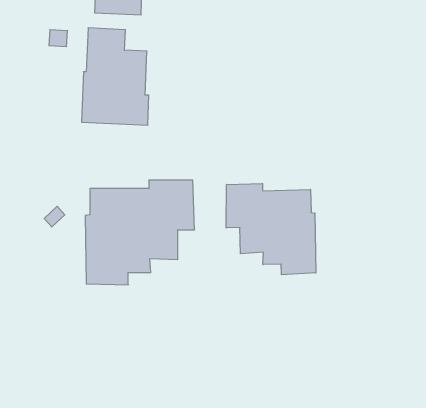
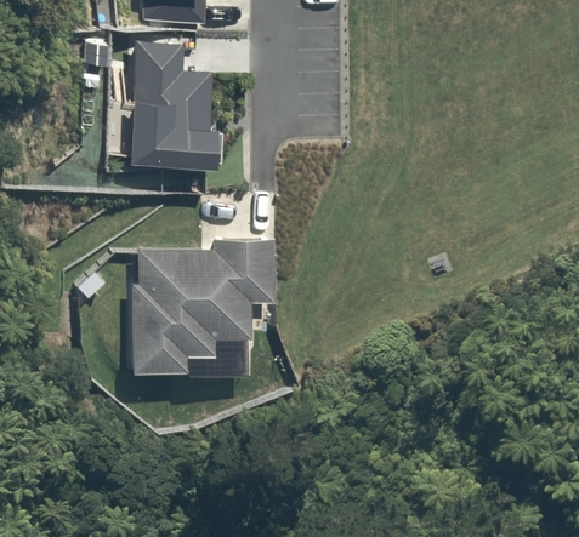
building: [226,183,316,275] -> none

